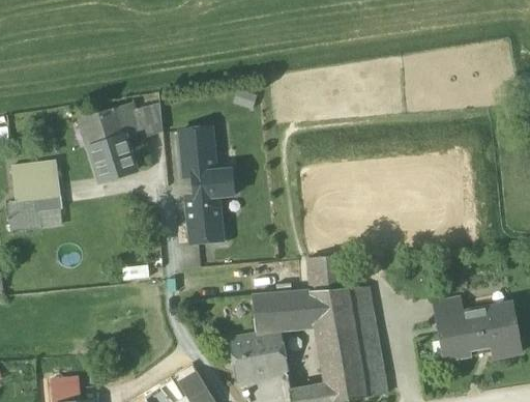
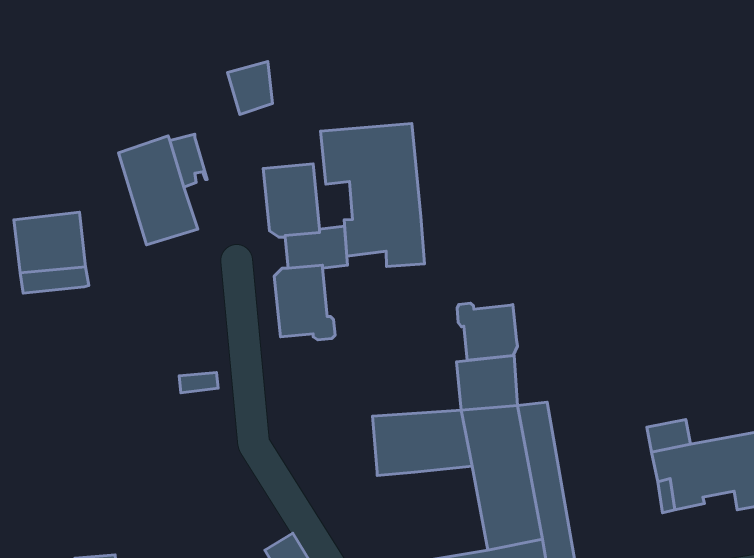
building: none -> [320,123,425,267]
building: [132,103,163,138] -> [227,62,273,114]
building: [8,200,61,231] -> none
building: none -> [457,303,518,360]
building: [228,333,288,382] -> none

